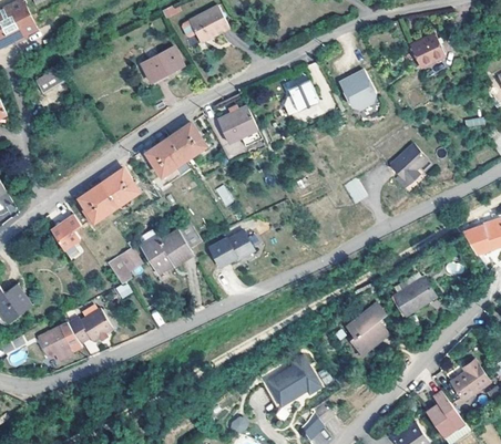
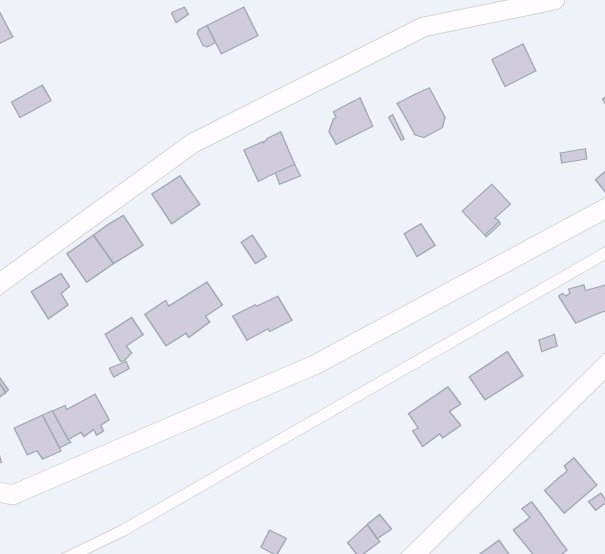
building: [142,47,184,81] -> none
building: [167,124,205,161] -> none
building: [267,355,320,404] -> none

